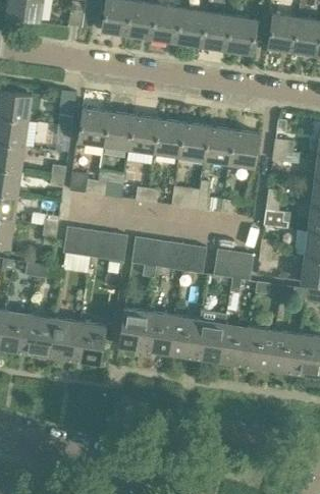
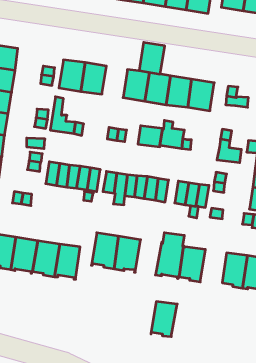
building: [128,115,158,152] -> [139,42,165,74]
building: [167,317,198,358] -> [151,302,177,337]
building: [243,328,273,369] -> none

